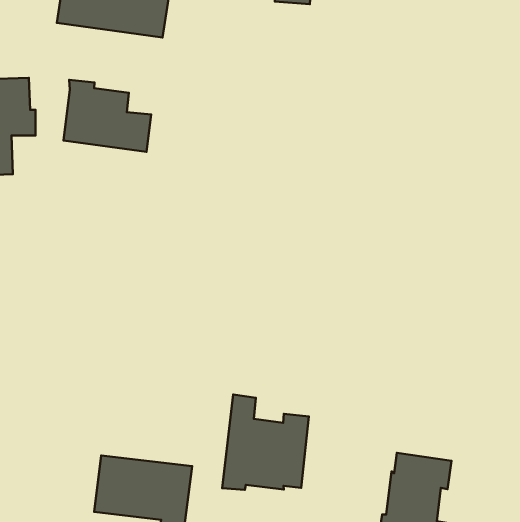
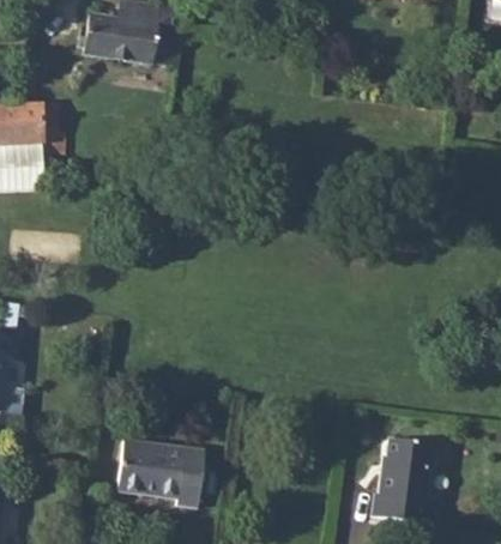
building: [63,80,151,152] -> none
building: [222,394,309,490] -> none

